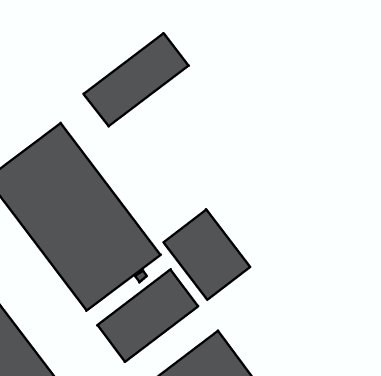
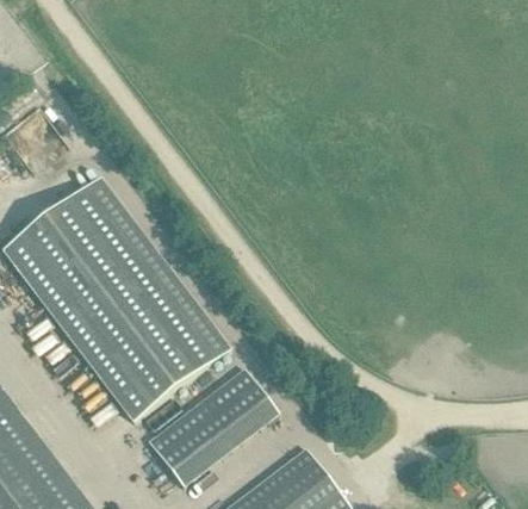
building: [84,33,189,126] -> none
building: [164,209,250,300] -> none

